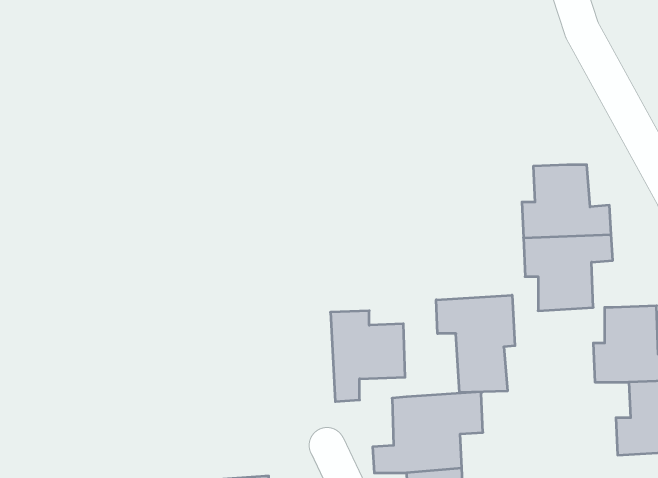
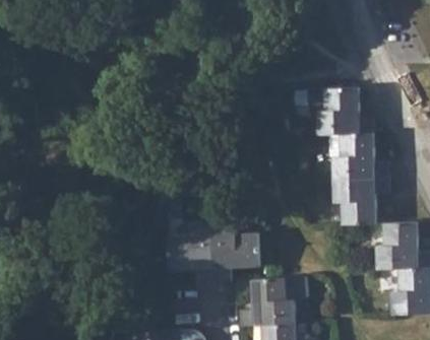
building: none -> [306,89,361,136]
building: [436,295,515,392] -> none
building: none -> [168,226,216,283]

